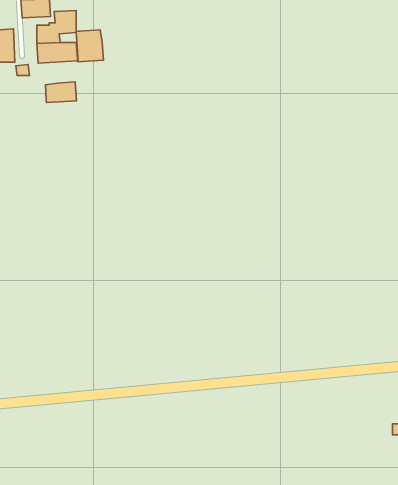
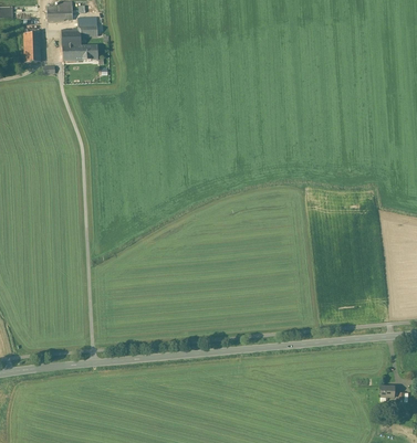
building: [76,30,104,62] -> none
building: [45,82,76,103] -> none

